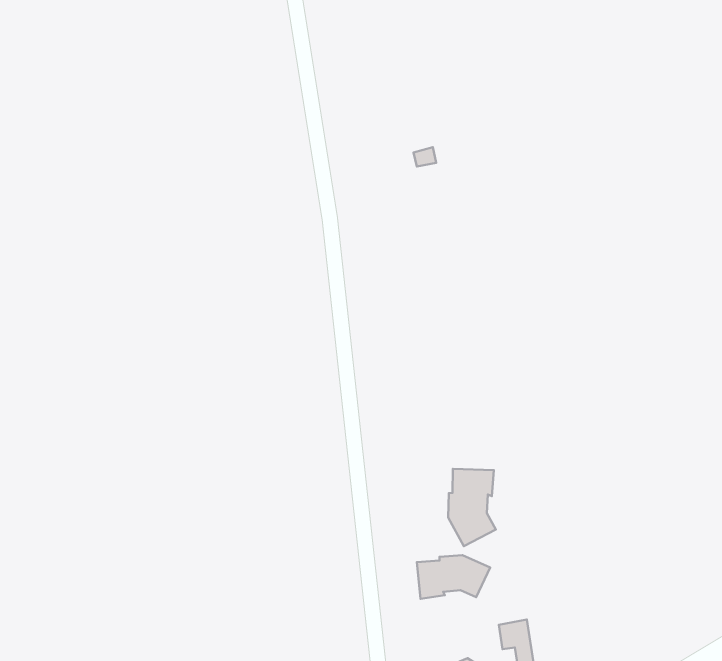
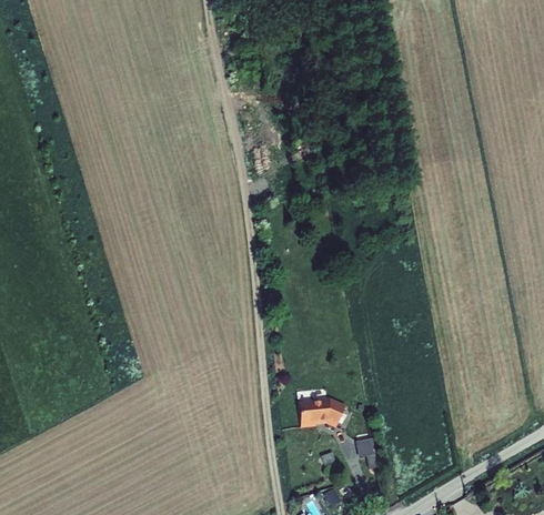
building: [448,469,496,546] -> none

